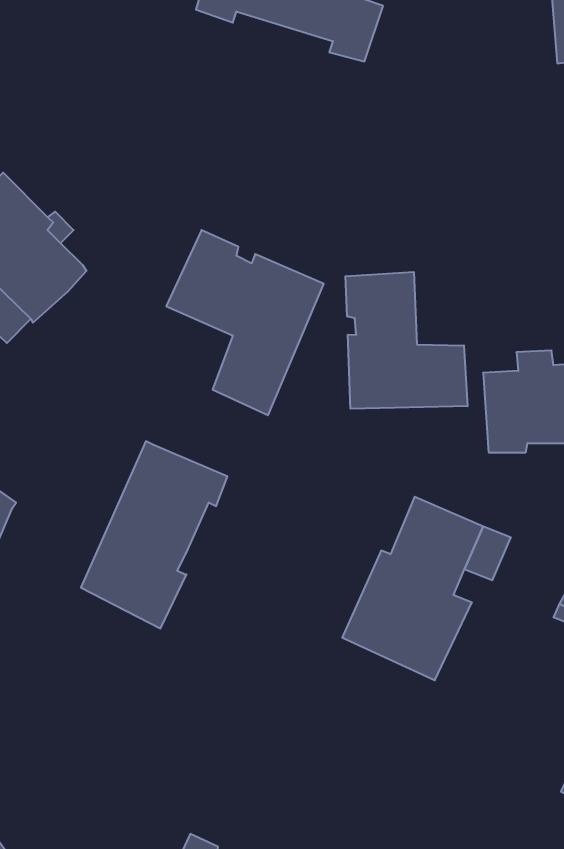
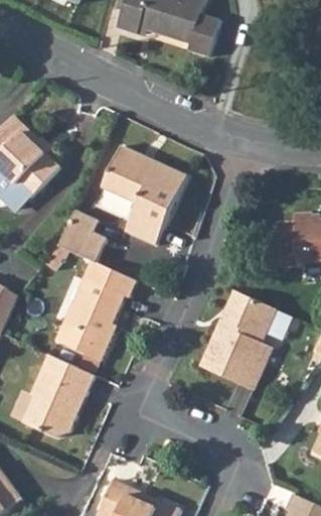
building: [345,272,467,409] -> none
building: none -> [57,213,104,263]
building: none -> [21,354,93,436]

